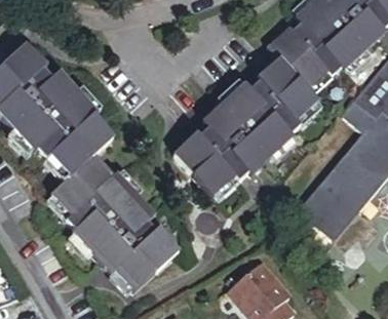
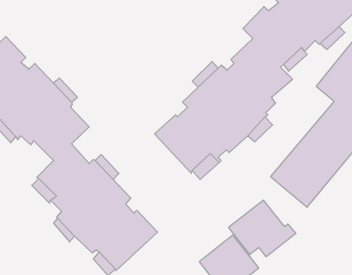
building: none -> [228,200,296,257]

